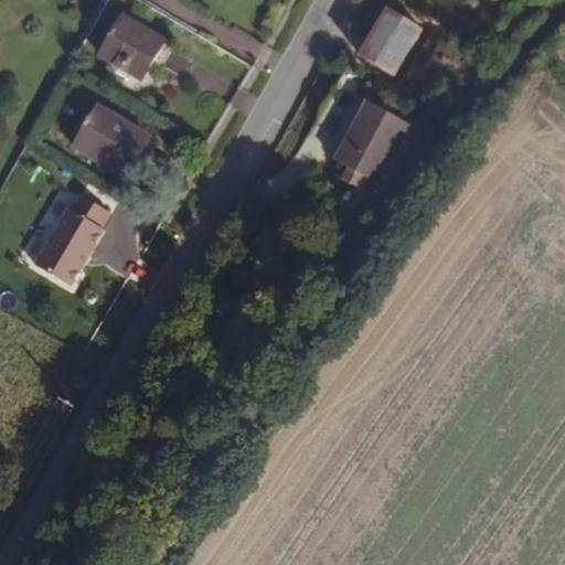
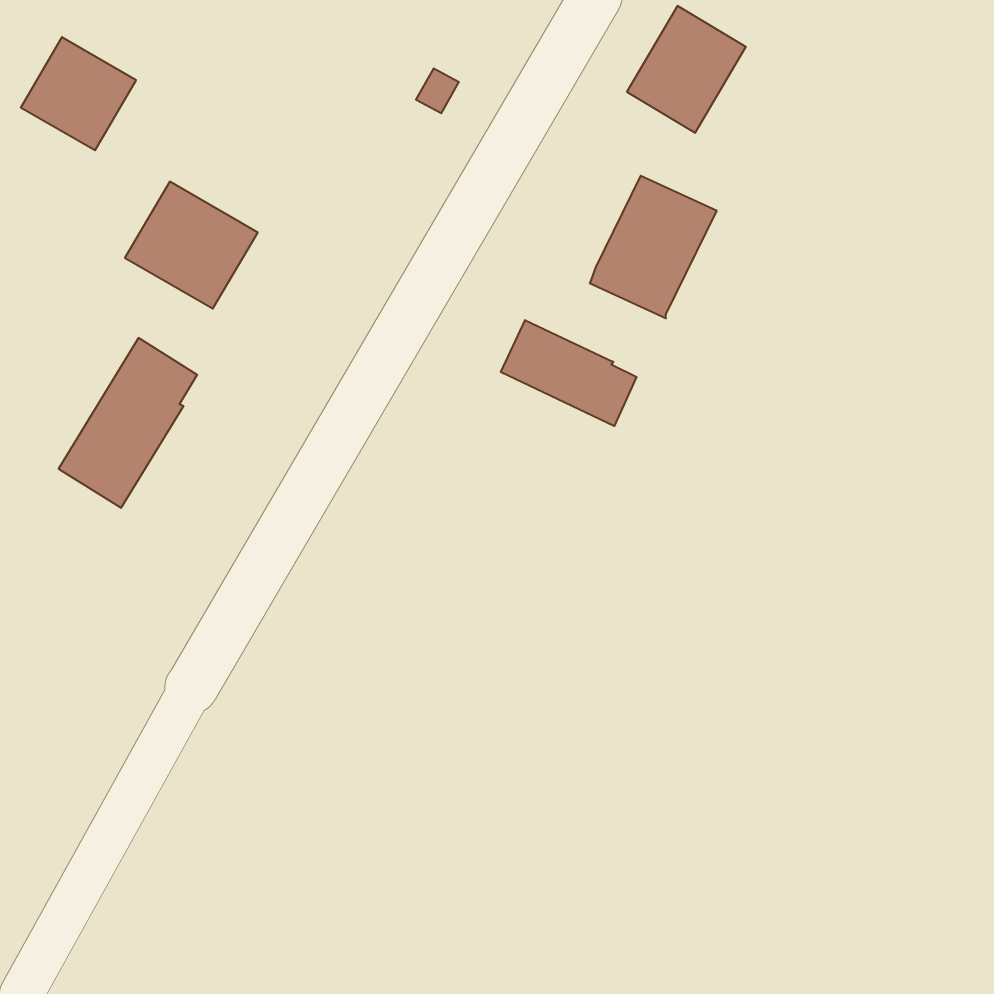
building: [96,11,161,75] -> [21,37,136,150]
building: none -> [501,320,637,426]

